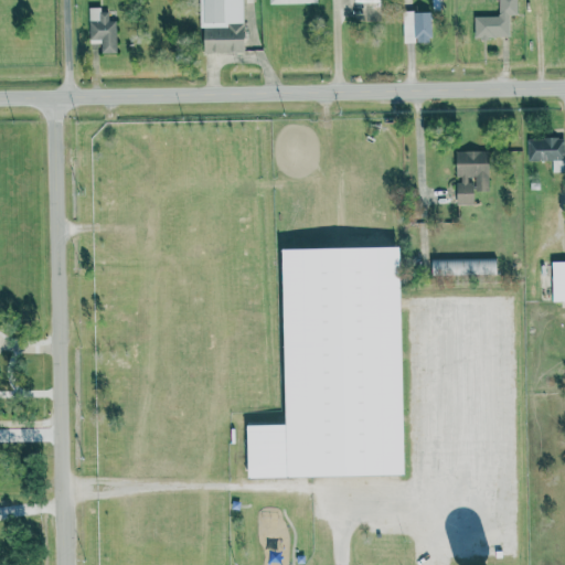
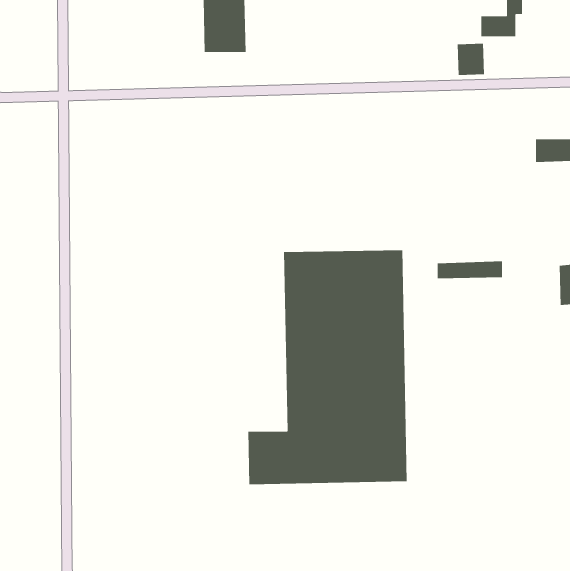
building: [89,8,118,52] -> none
building: [404,10,431,42] -> [457,43,485,75]
building: [457,150,490,204] -> none

